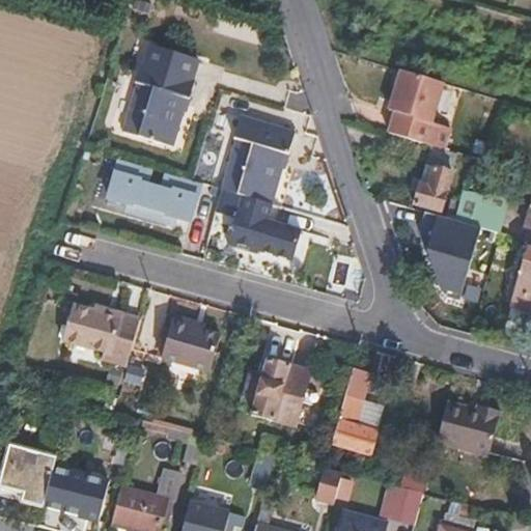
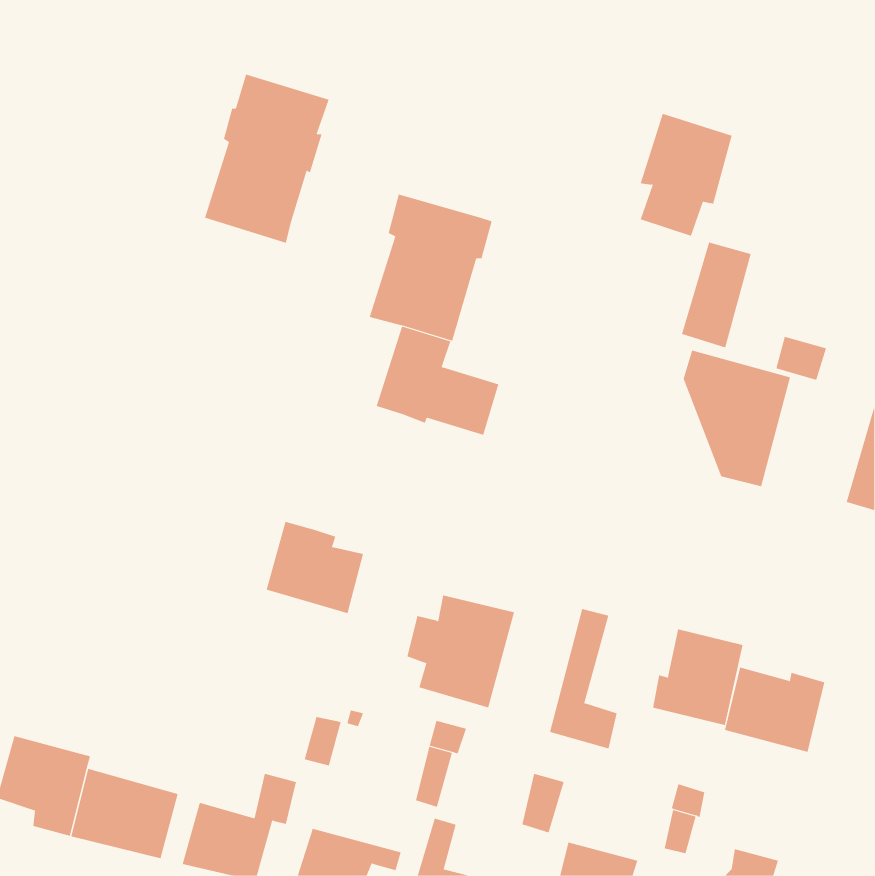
building: [108,161,201,222] -> none
building: [62,305,140,366] -> none
building: none -> [653,628,743,726]

